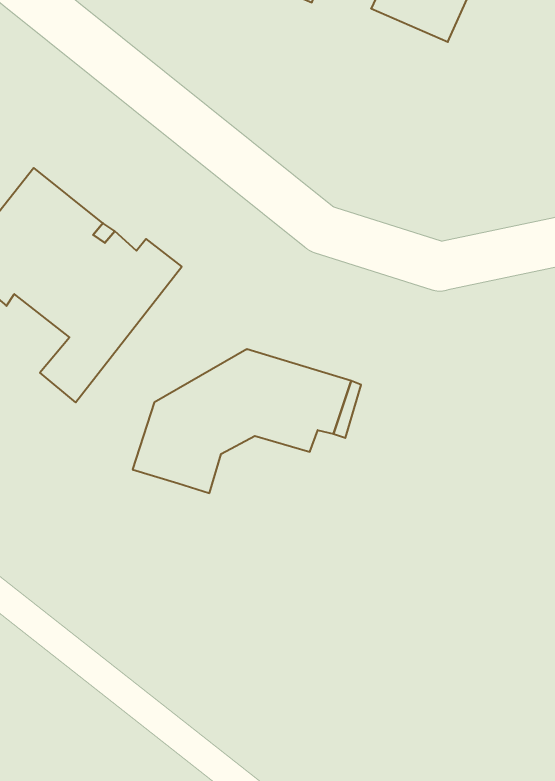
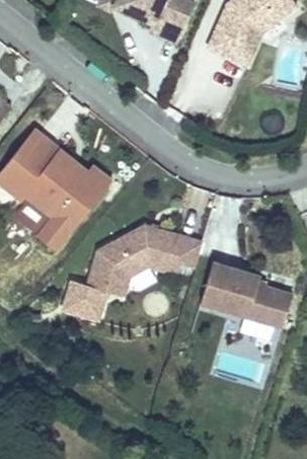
building: none -> [200,261,292,327]
building: none -> [60,279,108,321]

